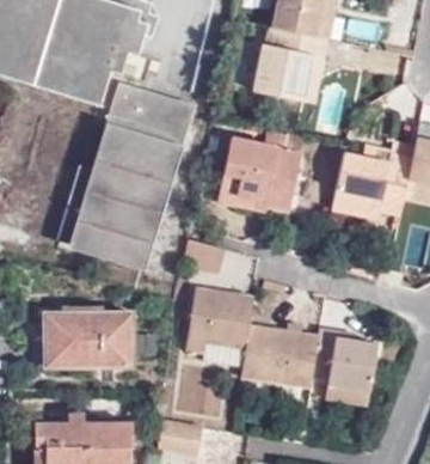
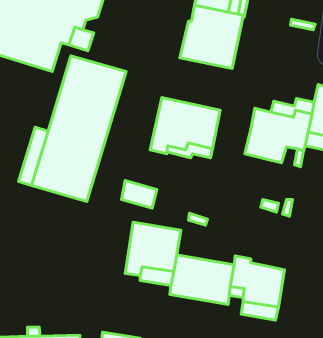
building: [48,313,130,364] -> none

